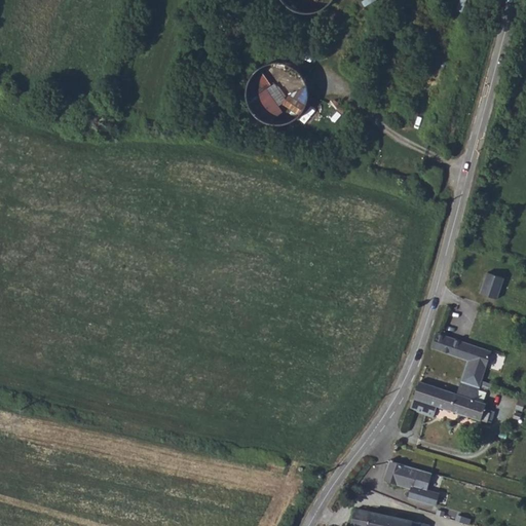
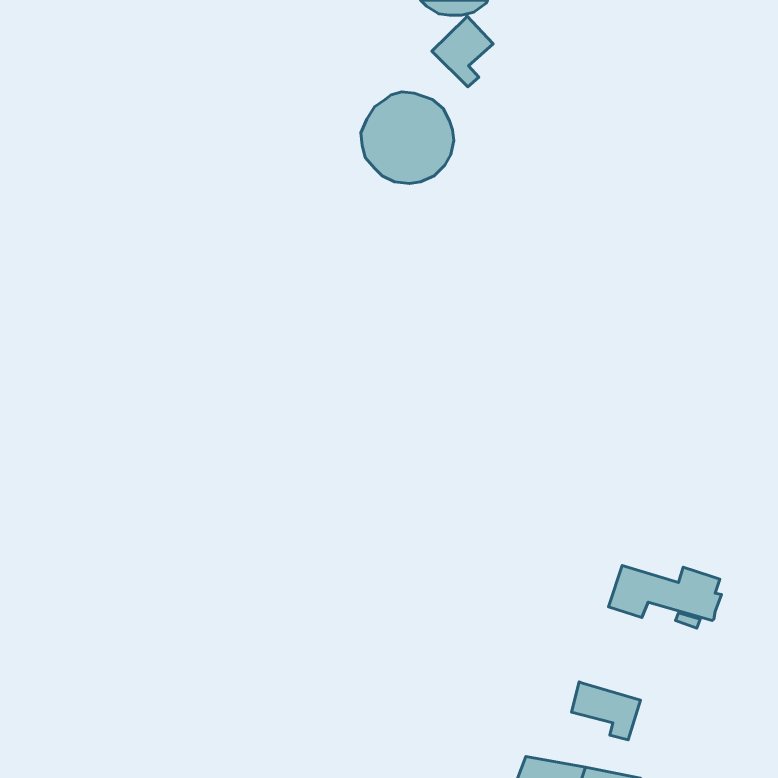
building: none -> [432,16,493,87]
building: [482,273,505,299] -> none
building: [434,333,492,389] -> none

